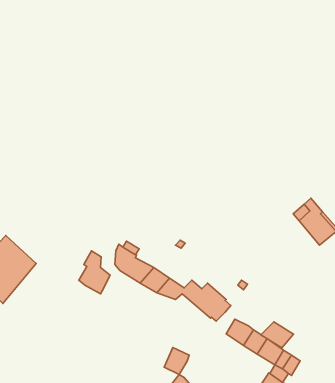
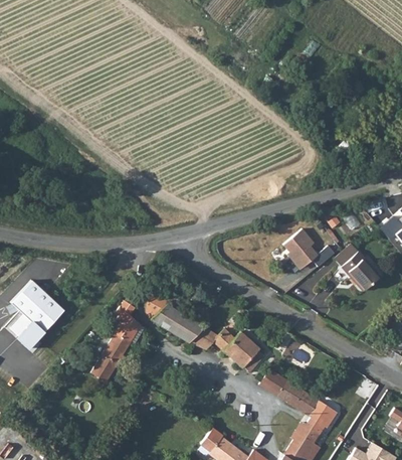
building: none -> [285,227,321,267]
building: none -> [93,333,131,381]
building: [261,322,293,348] -> none
building: [164,347,189,375] -> none

